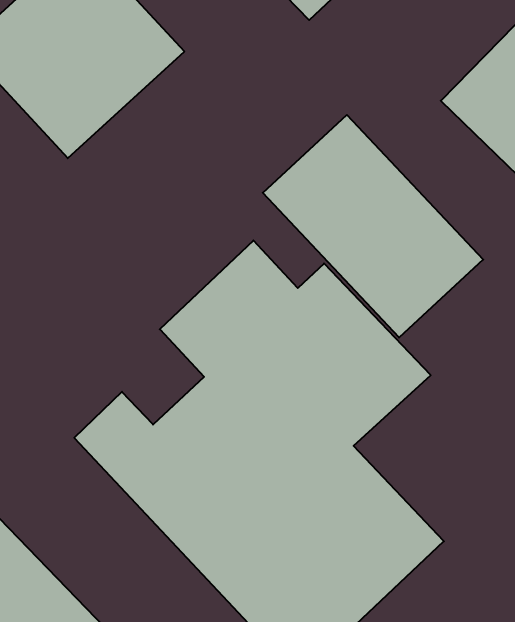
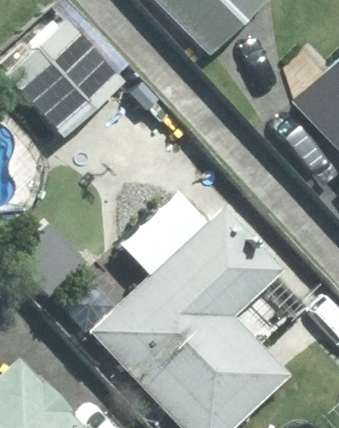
building: [263,115,483,338] -> none

